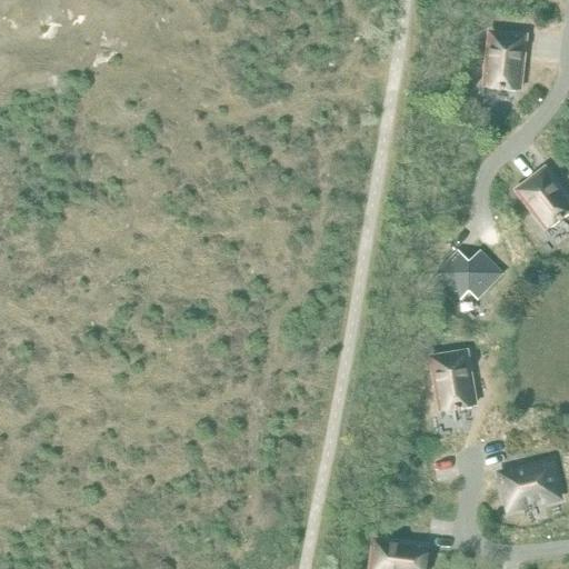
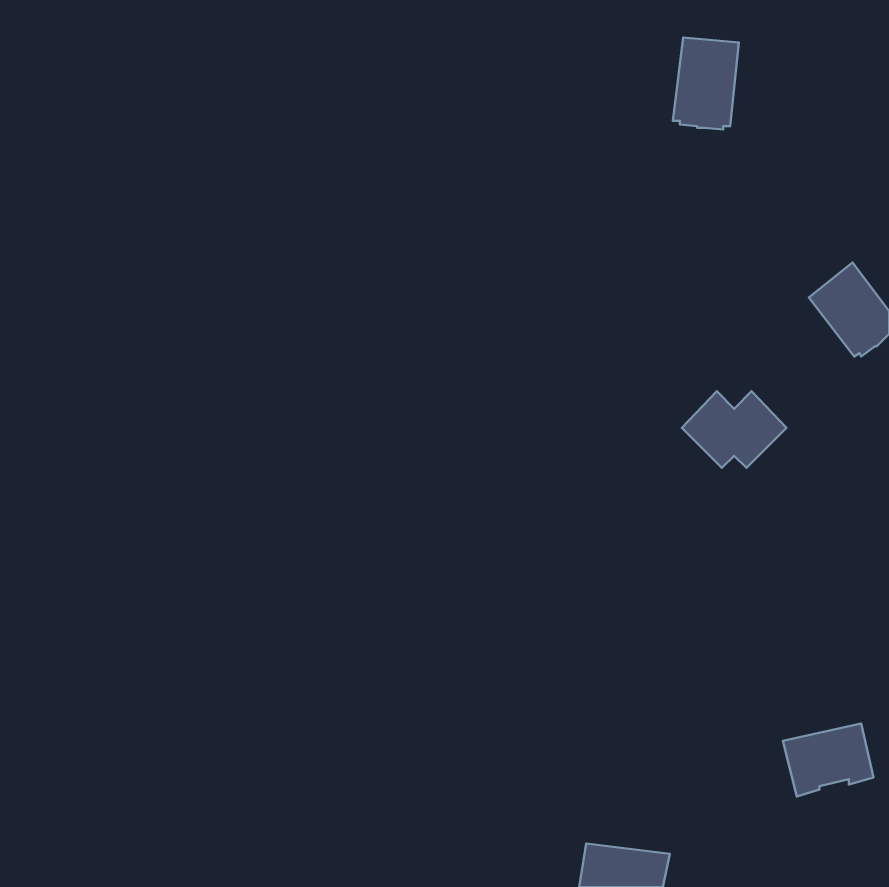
building: [483,32,526,91] -> [673,37,739,130]
building: [431,351,475,411] -> none

